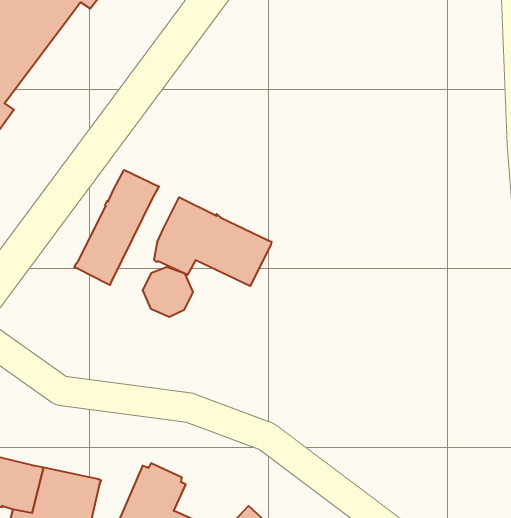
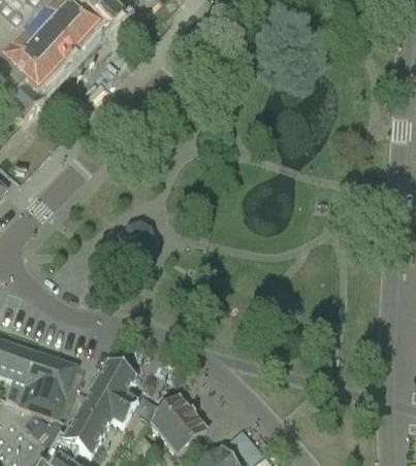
building: [74,170,159,285] -> none
building: [154,197,272,286] -> none

